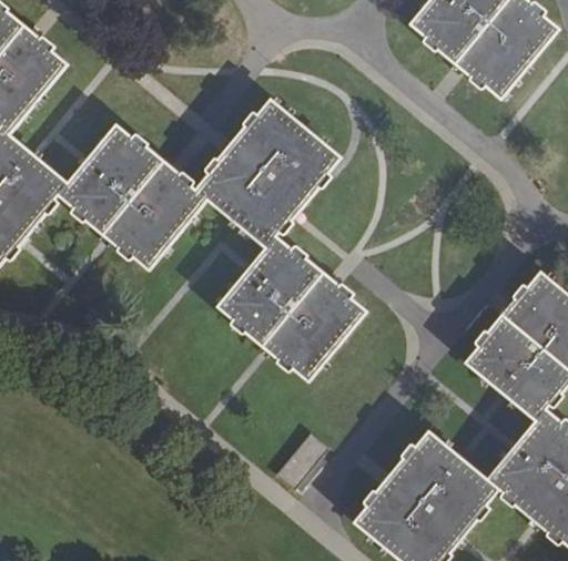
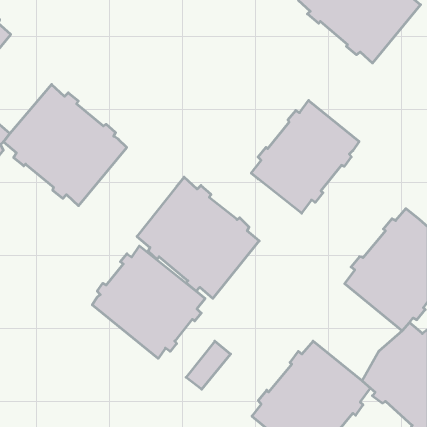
building: [195,100,339,245] -> none
building: none -> [251,100,359,213]
building: none -> [92,246,205,358]

